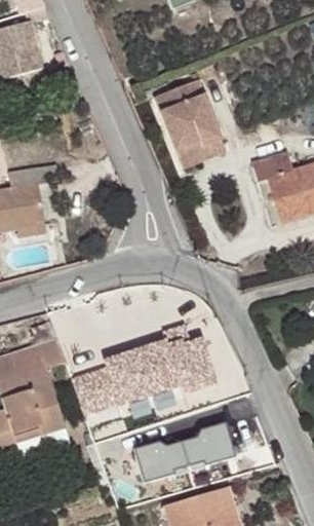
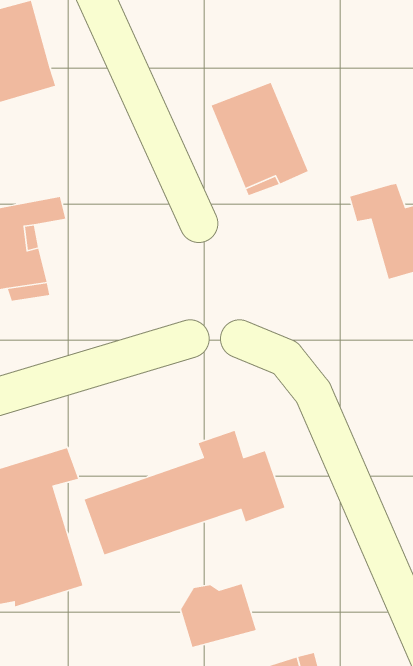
building: [179,423,230,471] -> none

